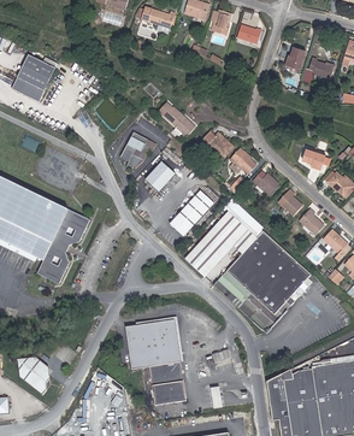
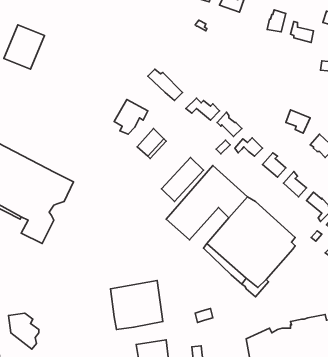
building: [147,363,181,387] -> none

